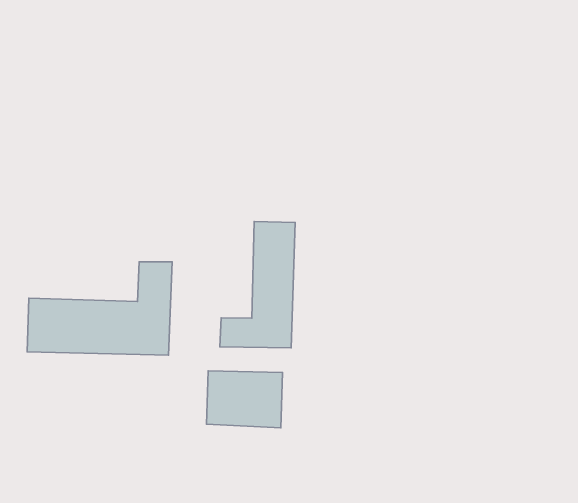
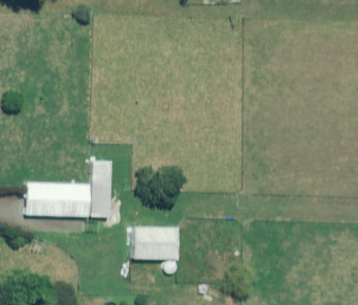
building: [220,222,295,348] -> none

